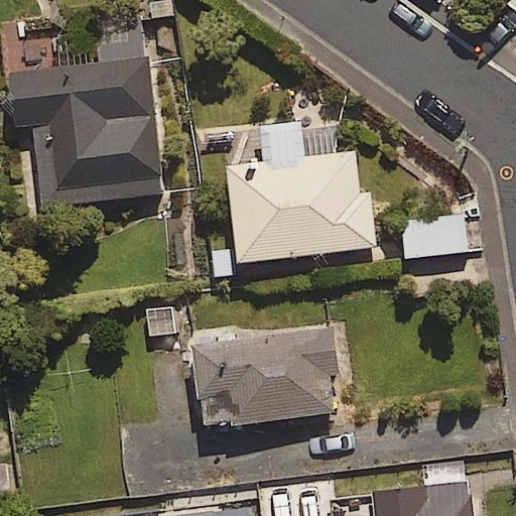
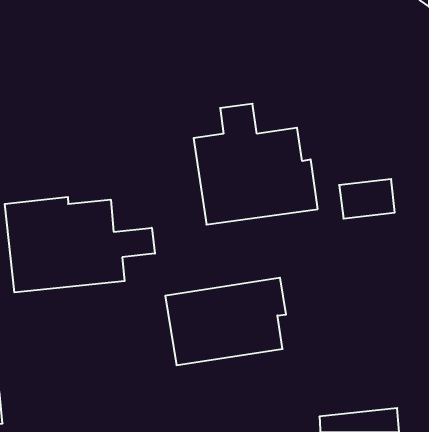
building: [15,39,158,206] -> none
building: none -> [5,197,155,292]

